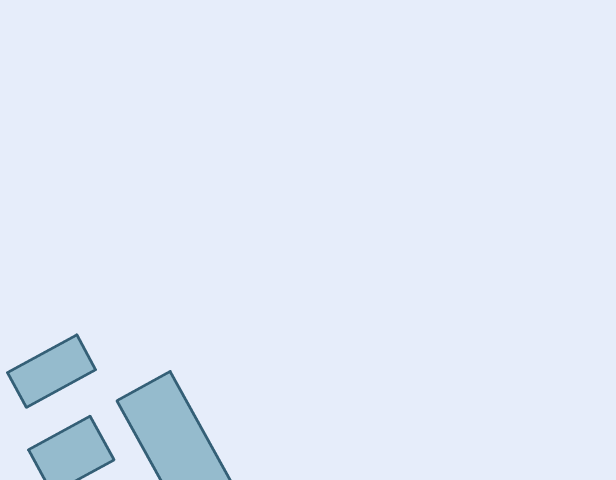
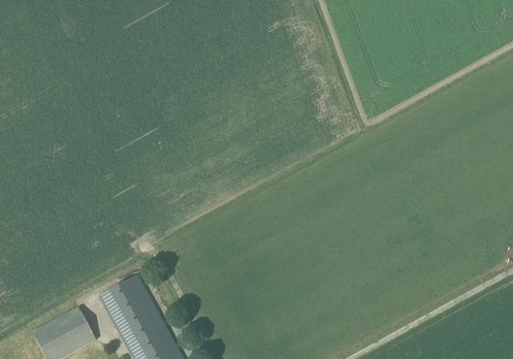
building: [7,335,96,407] -> none

